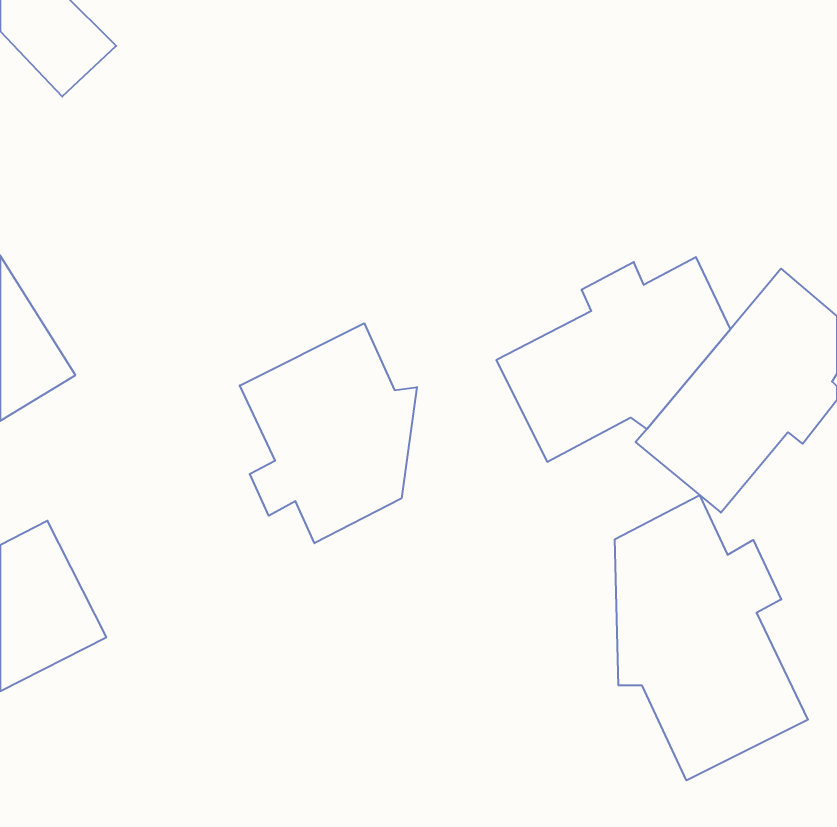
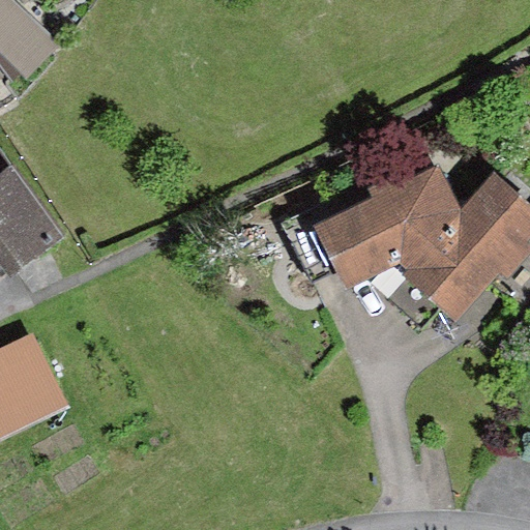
building: [240,323,417,543] -> none
building: [615,495,808,780] -> none

